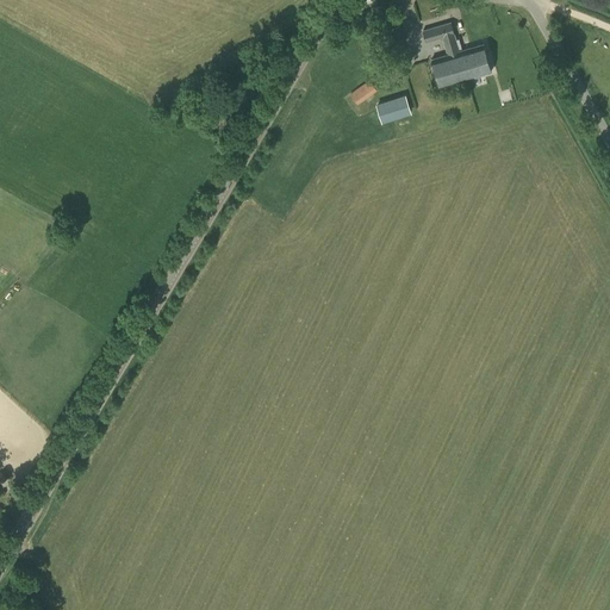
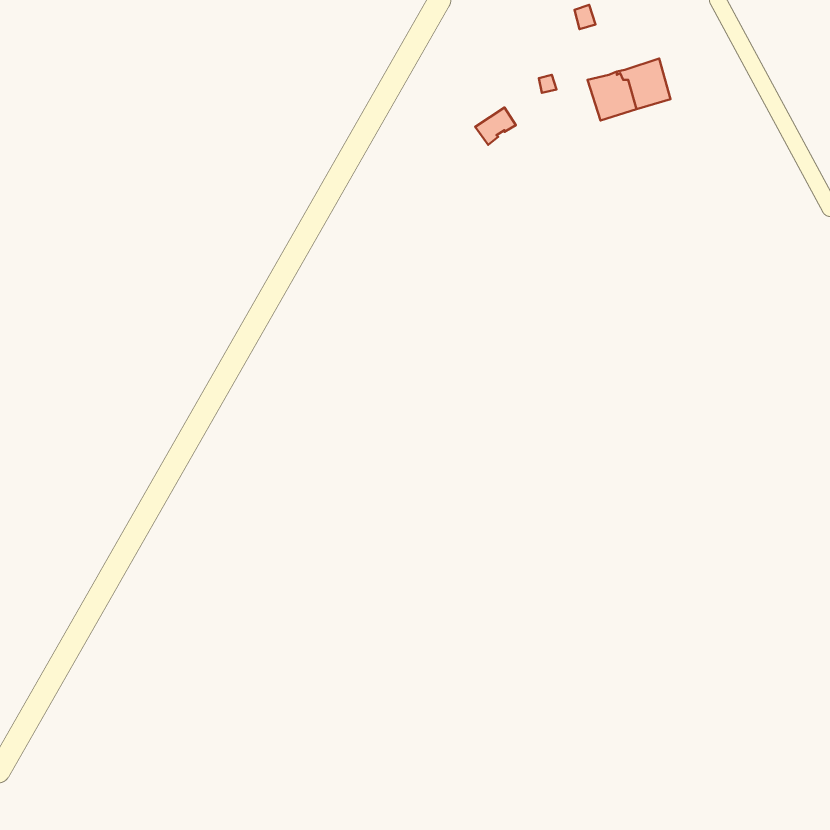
building: [422,24,458,56] -> none
building: [375,95,411,122] -> none

